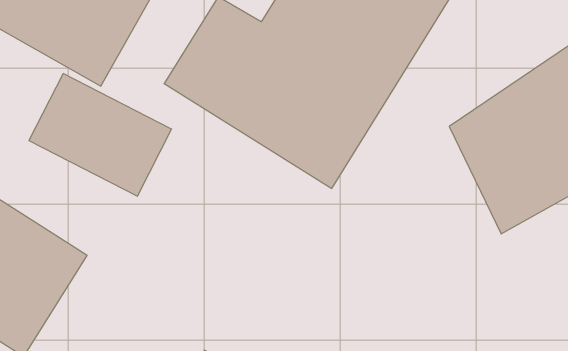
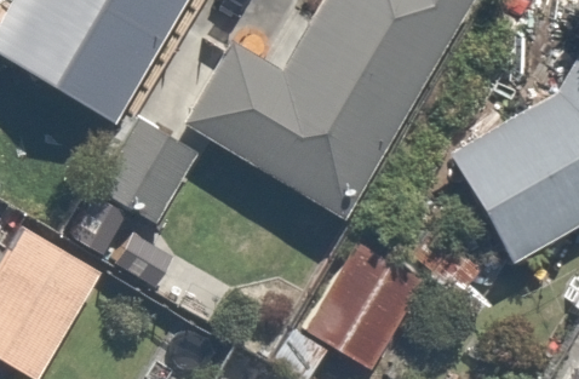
building: none -> [305,237,428,367]

